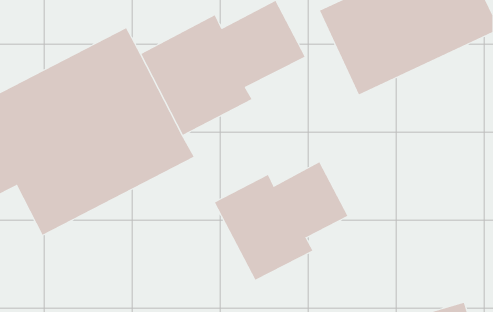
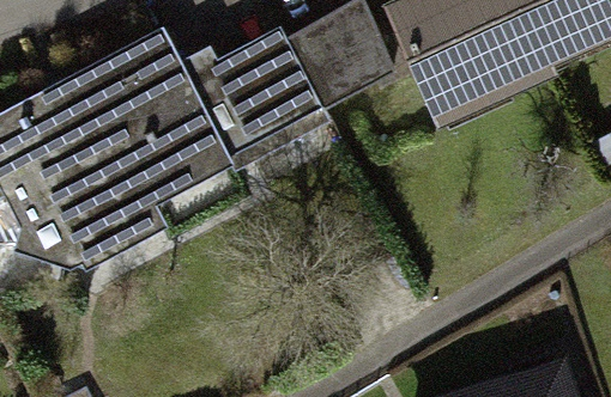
building: [214,162,348,281] -> none

